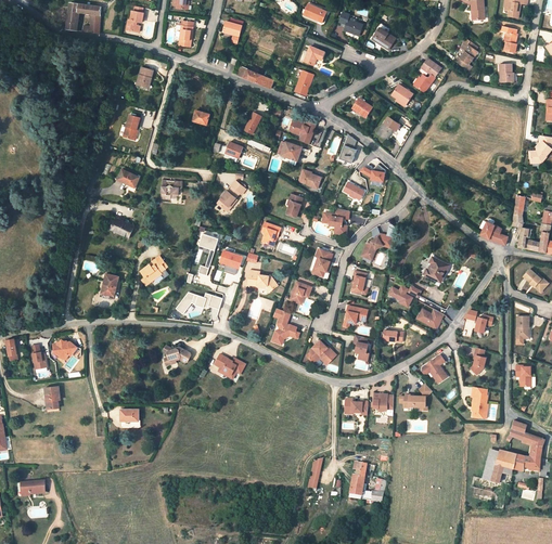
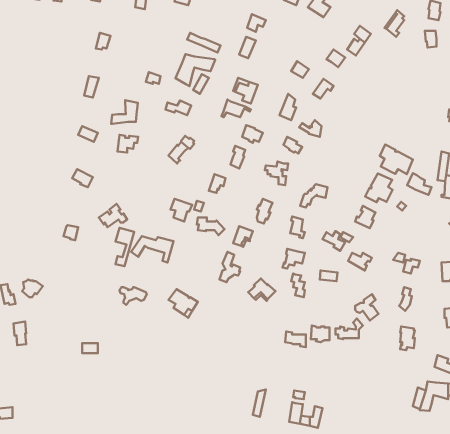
building: none -> [176,54,215,86]
building: none -> [111,100,138,124]
building: none -> [380,145,413,174]
building: none -> [365,173,393,202]
building: [196,233,217,275] -> [116,228,134,266]

